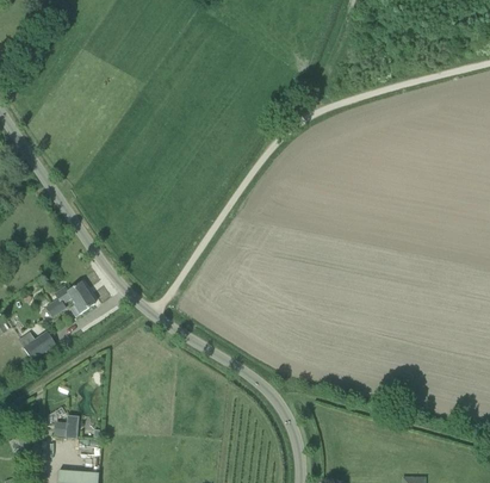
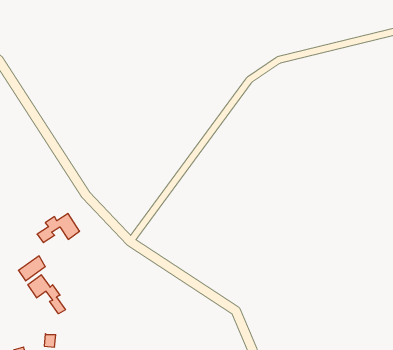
building: none -> [28,275,65,314]

